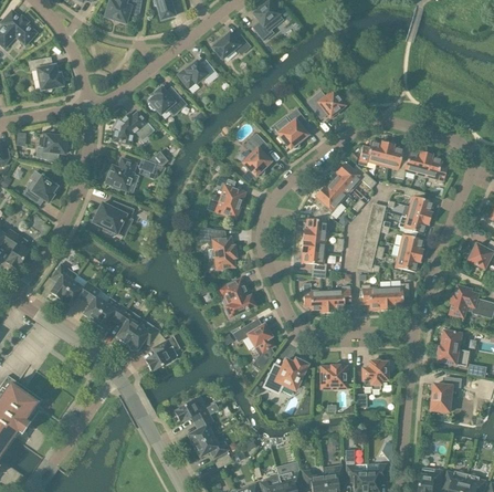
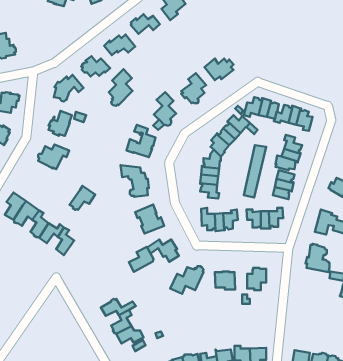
building: none -> [109,69,132,106]
building: [126,320,159,350] -> [70,186,95,210]
building: [145,339,177,371] -> [129,247,154,272]
building: [432,377,461,412] -> none

